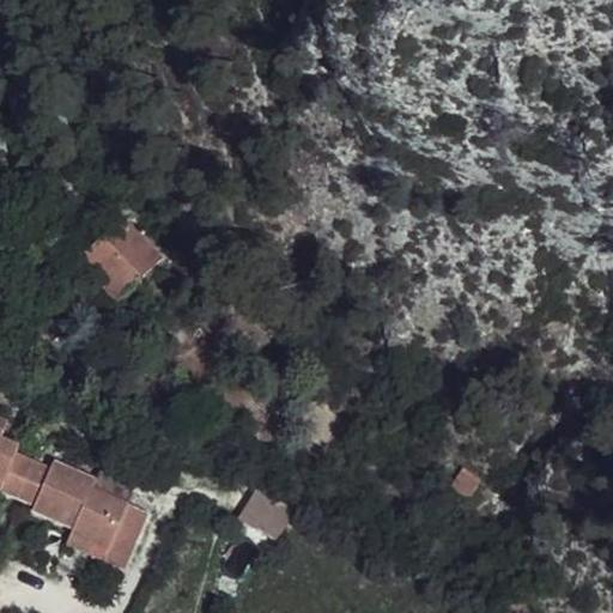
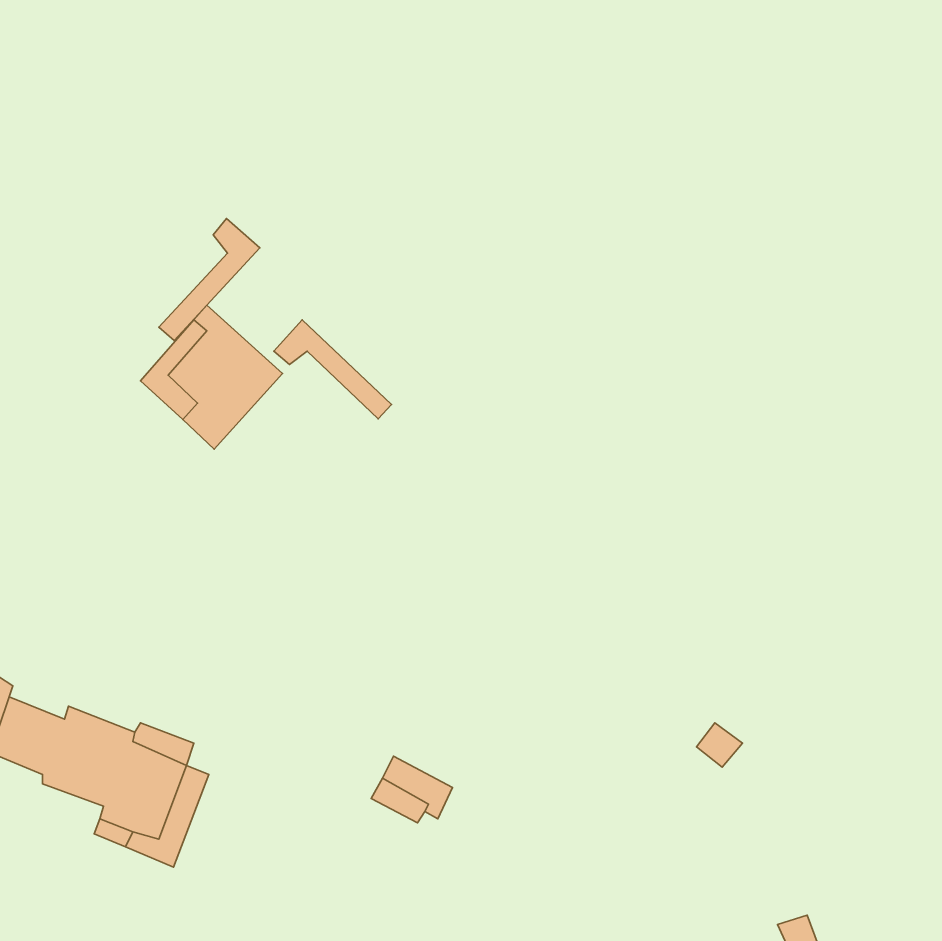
building: none -> [159,218,260,341]
building: none -> [274,320,391,419]

